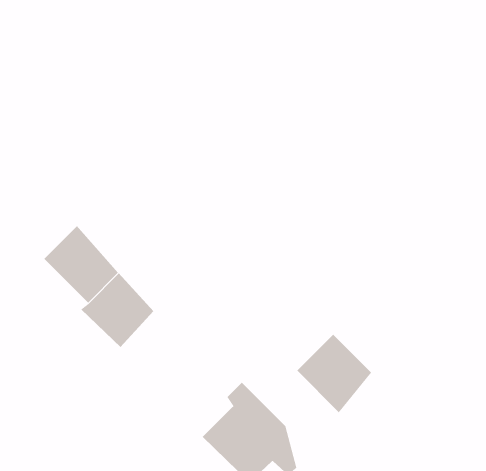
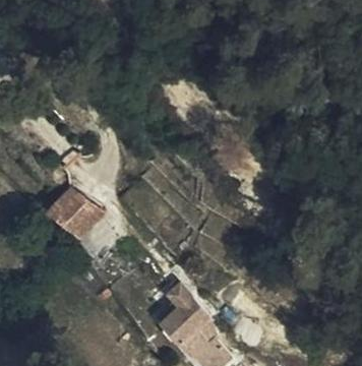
building: [296,334,372,413] -> none

